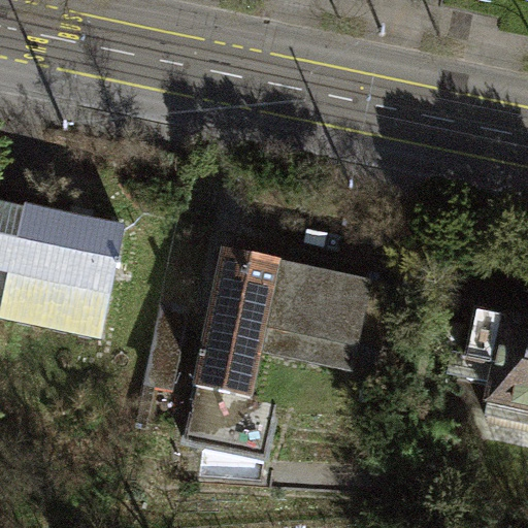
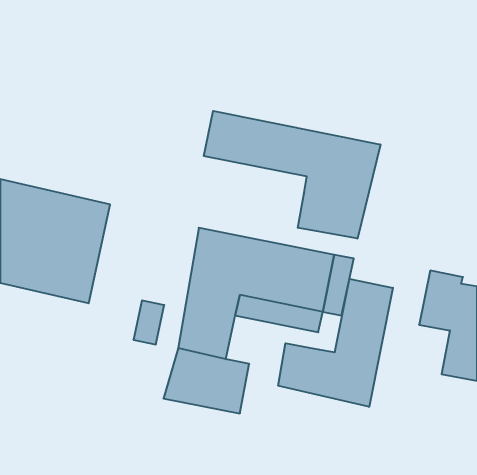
building: none -> [204,111,380,239]
building: none -> [278,279,393,407]

